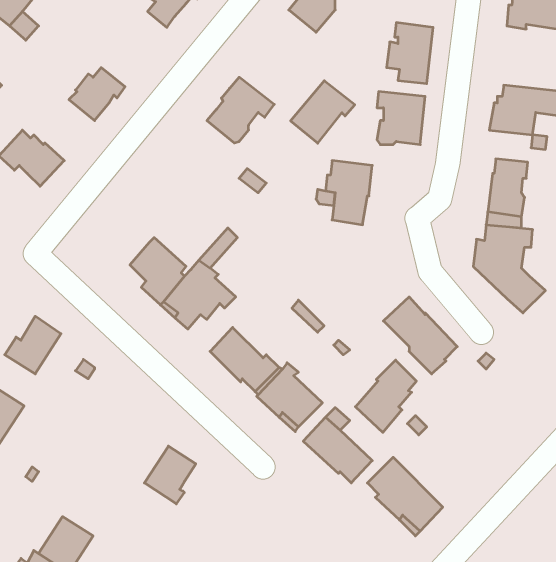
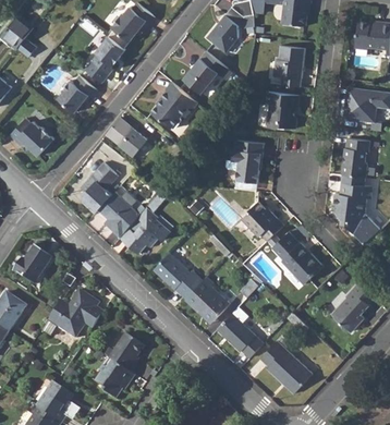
building: none -> [92,35,125,74]
building: [291,81,355,143] -> [184,50,228,93]
building: none -> [107,117,148,156]
building: none -> [82,161,119,211]
building: none -> [242,201,283,241]
building: [355,360,416,432] -> [331,282,373,331]
building: none -> [41,288,103,339]
building: none -> [96,357,134,398]

